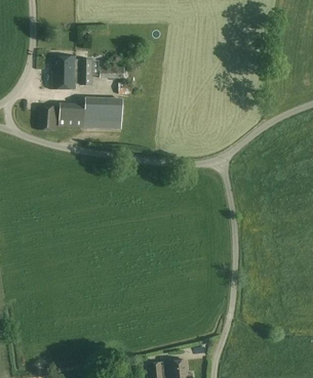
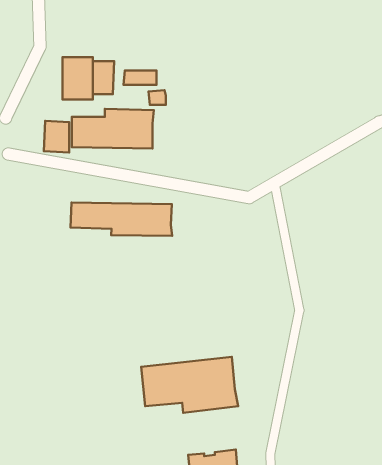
building: none -> [71,203,172,236]
building: none -> [141,357,238,413]

